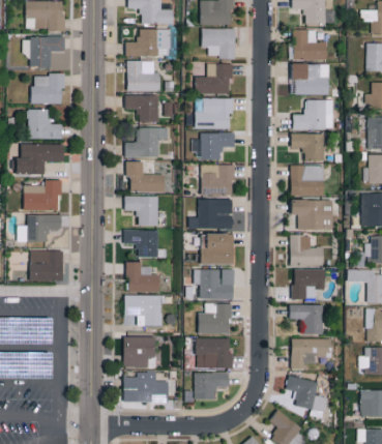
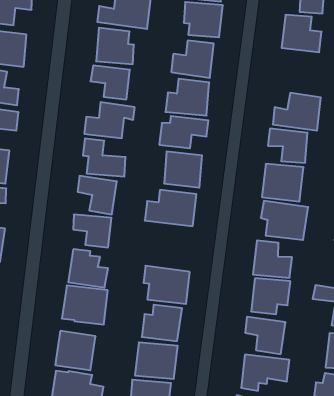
building: [290,63,328,94] -> none
building: [199,234,234,265] -> none

